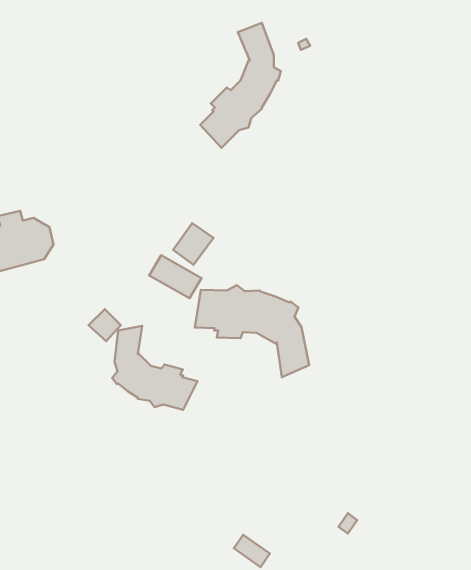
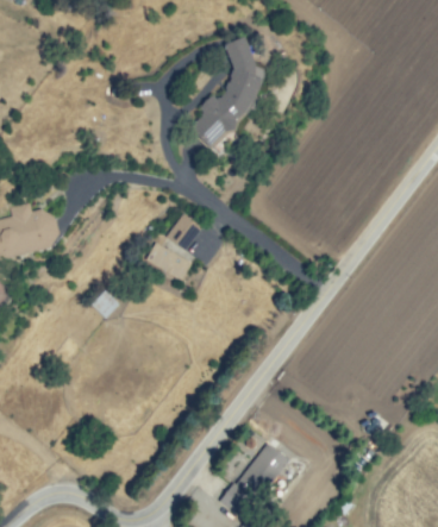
building: [195,285,309,377] -> none
building: [112,326,198,410] -> none
building: none -> [234,444,290,503]

